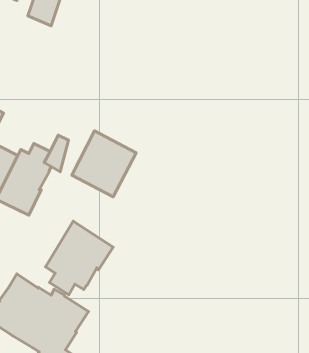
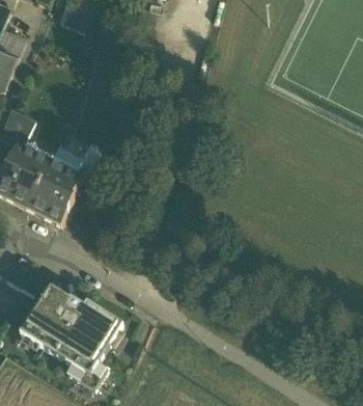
building: [72,131,136,197] -> none
building: [45,221,113,295] -> none

